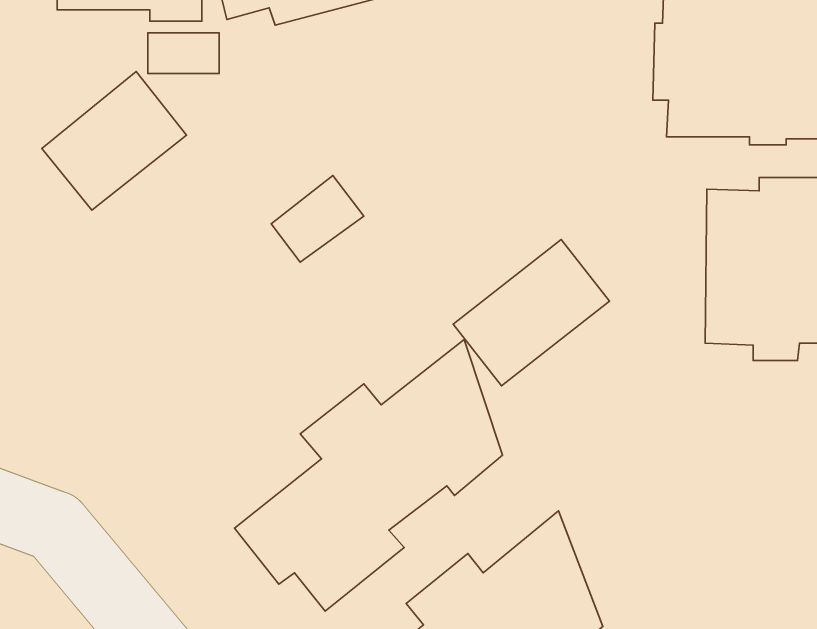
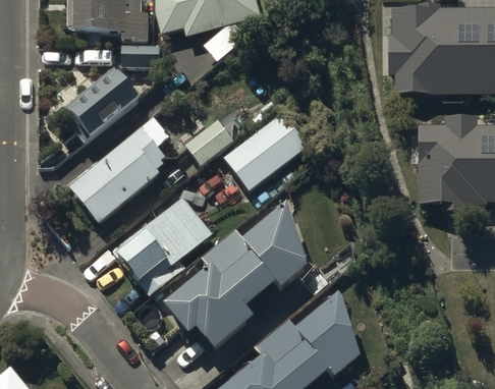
building: none -> [69,113,170,220]
building: [453,239,609,386] -> [224,109,307,186]
building: none -> [114,192,212,291]

